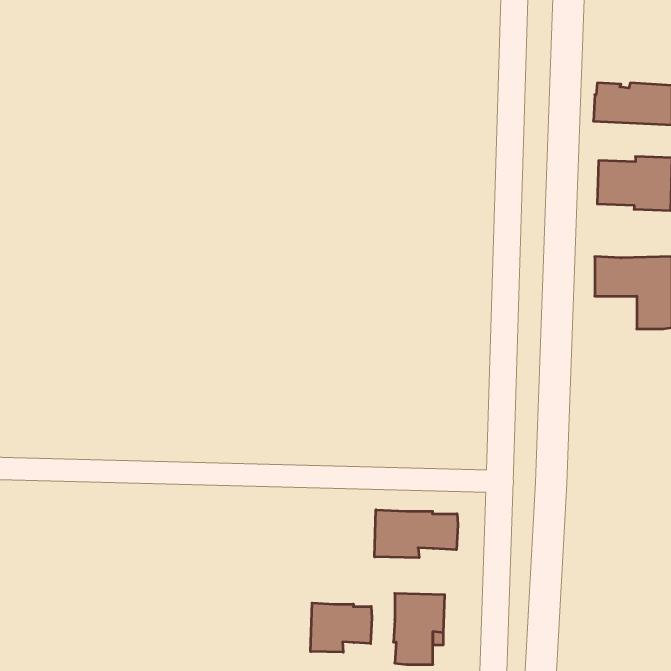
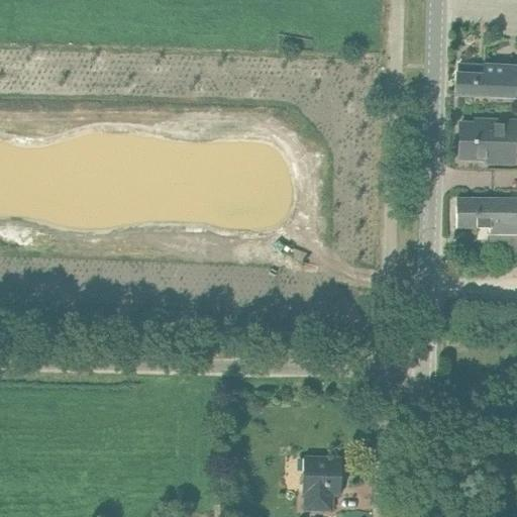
building: [375,510,458,558] -> none
building: [311,603,372,652] -> none

